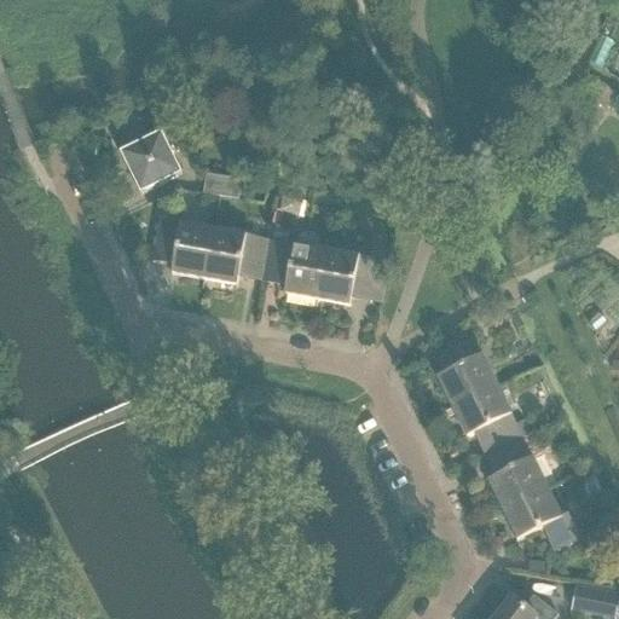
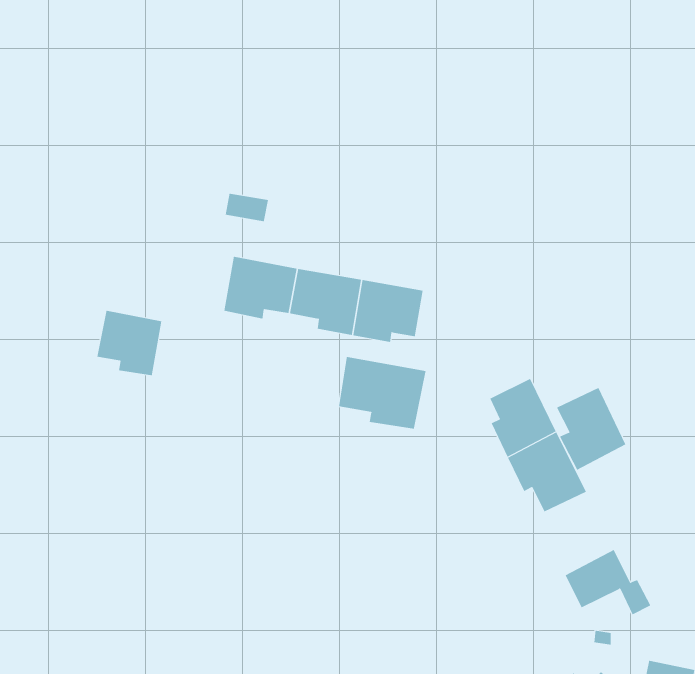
building: [120,128,181,190] -> none
building: [152,216,210,274] -> [96,310,162,376]
building: none -> [338,356,426,430]
building: [485,434,546,508] -> [556,387,626,471]

